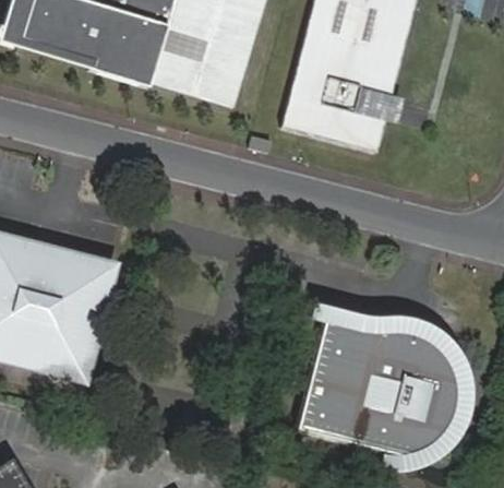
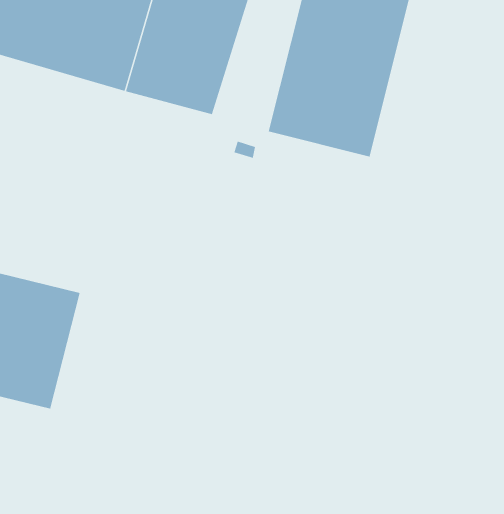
building: [297,319,463,459] -> none

